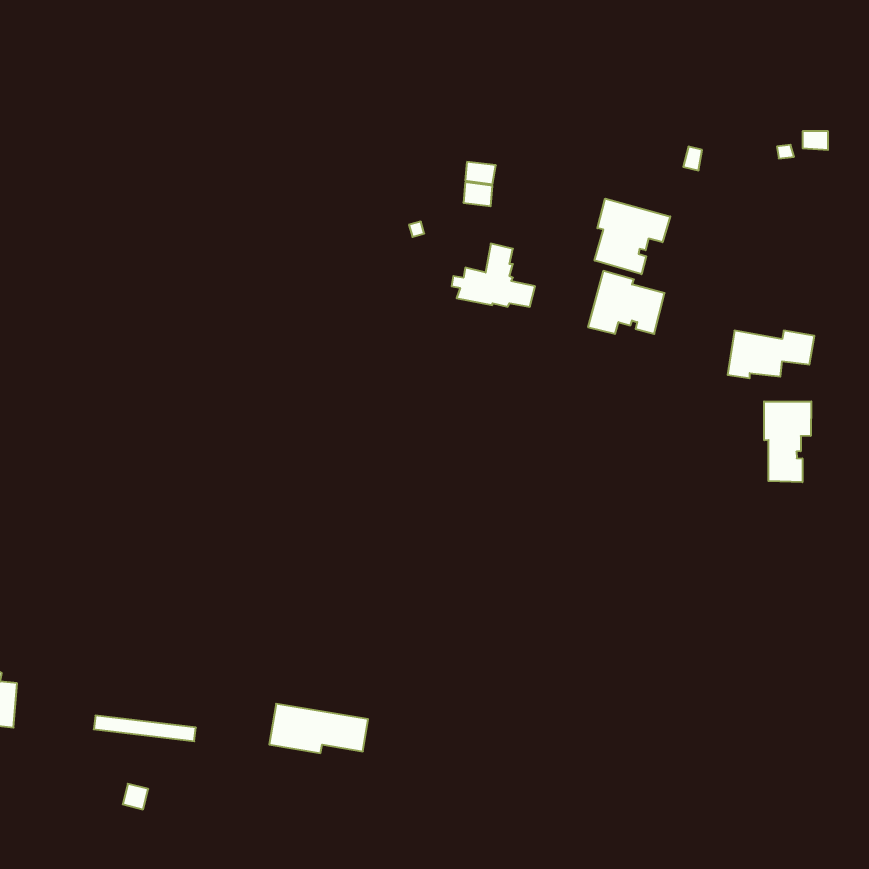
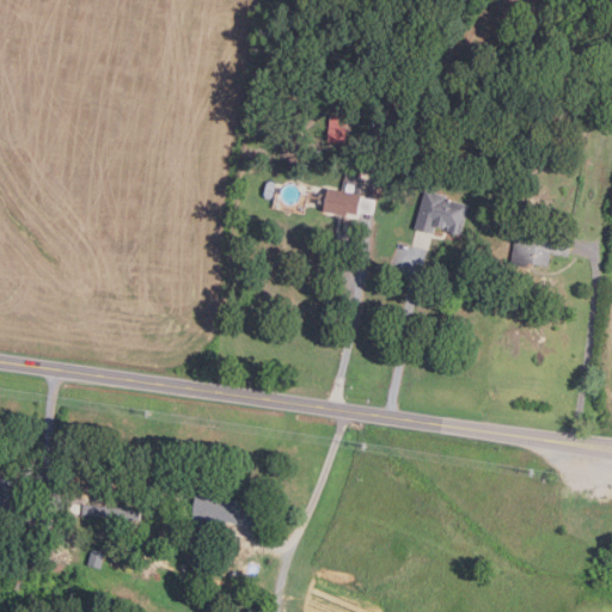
building: [595,199,670,274] -> none
building: [764,401,811,482] -> none

